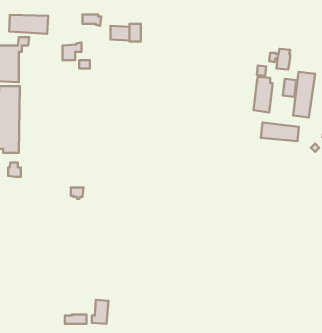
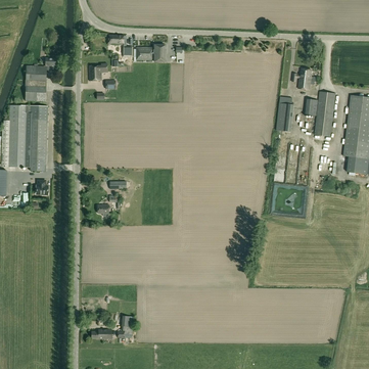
building: [9,15,48,34] -> none
building: [261,123,299,141] -> none

